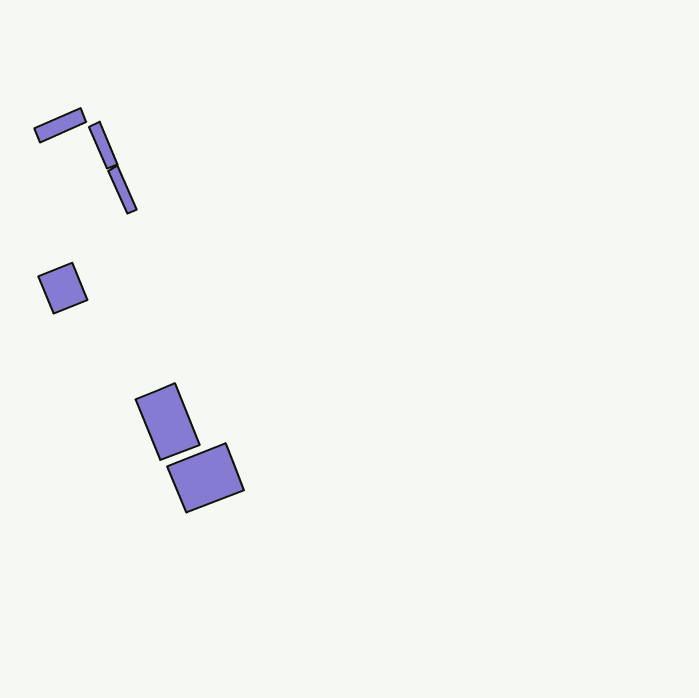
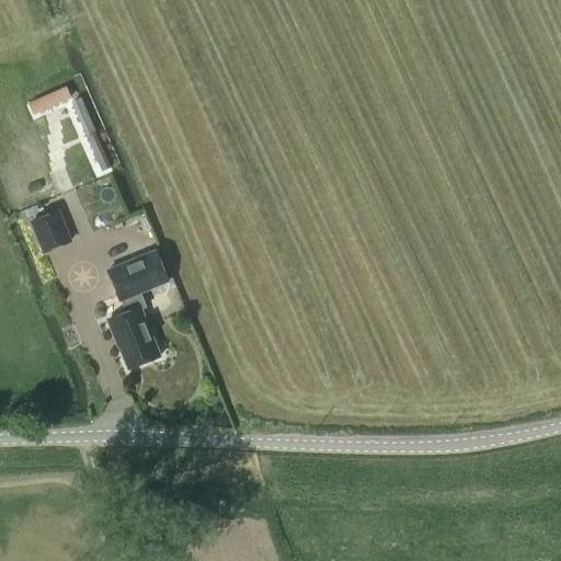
building: none -> [108,251,168,312]
building: [167,443,244,513] -> none

